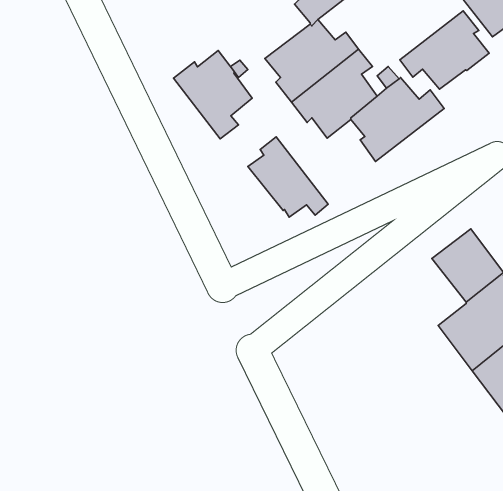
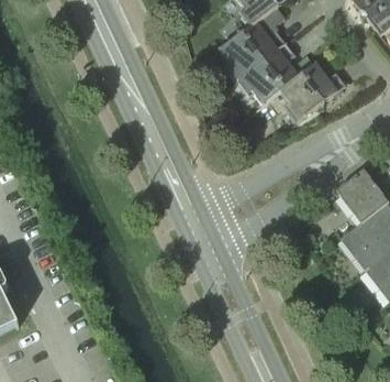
building: [400,11,489,89] -> none
building: [174,50,252,139] -> none
building: [248,137,328,217] -> none

